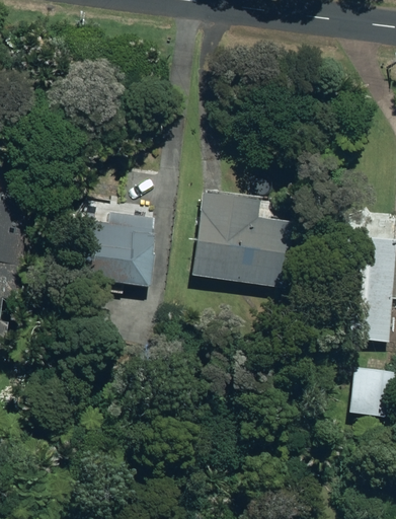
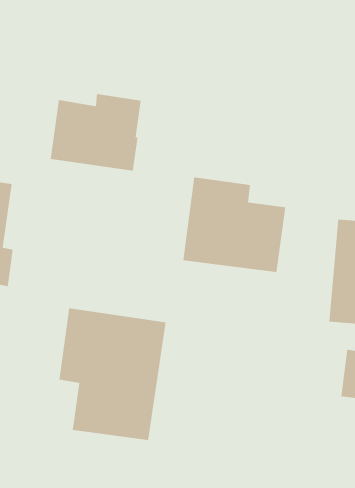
building: [66,212,158,290] -> [50,94,142,171]
building: none -> [59,308,166,441]

